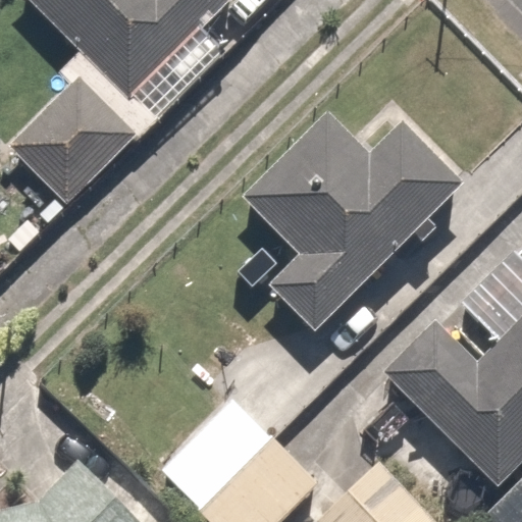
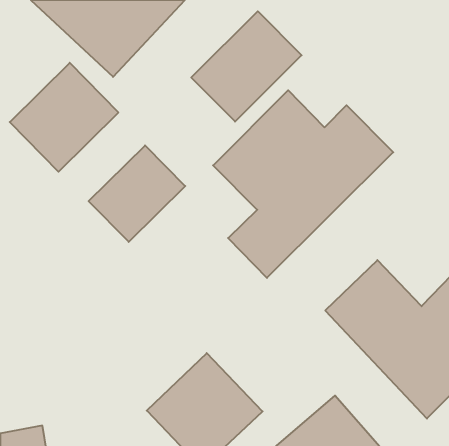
building: none -> [191,11,302,122]
building: none -> [89,145,185,242]

